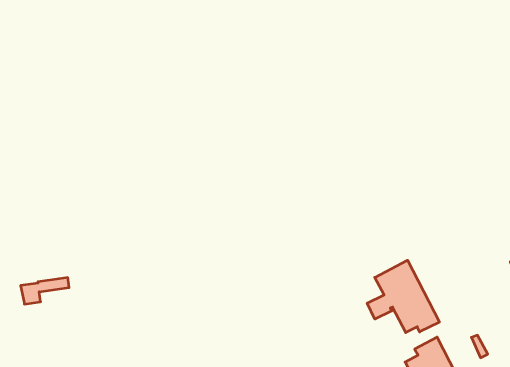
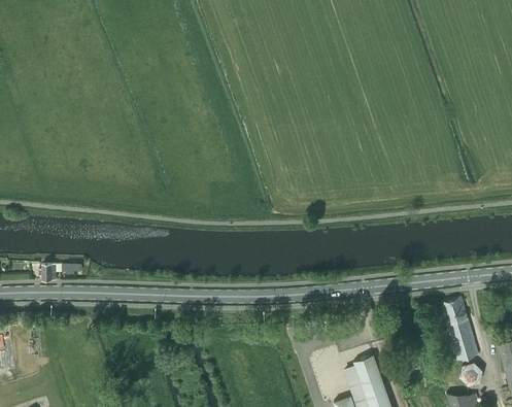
building: [367,260,439,333] -> none

